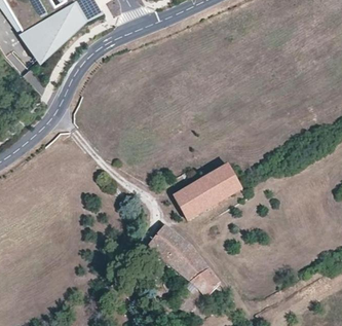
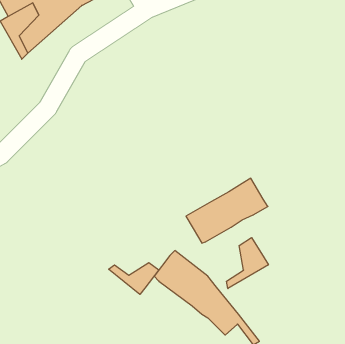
building: none -> [226,238,268,289]
building: none -> [109,263,159,294]

